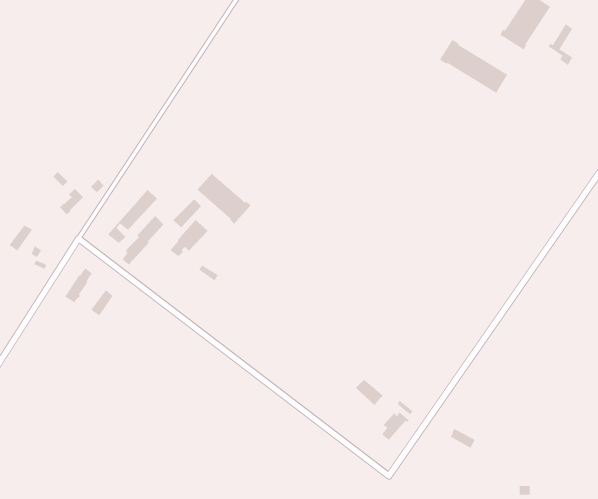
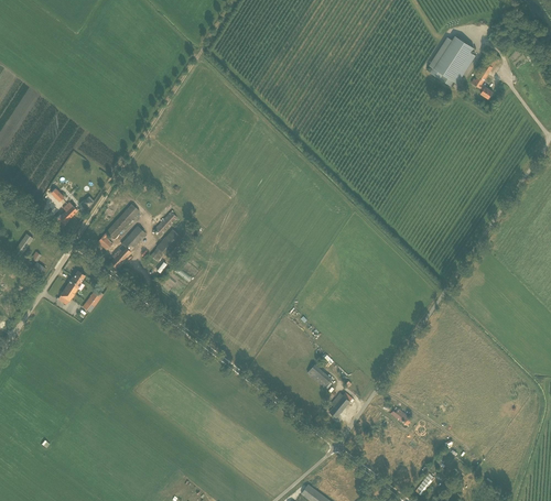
building: [439,39,508,94] -> none
building: [197,173,251,224] -> none

